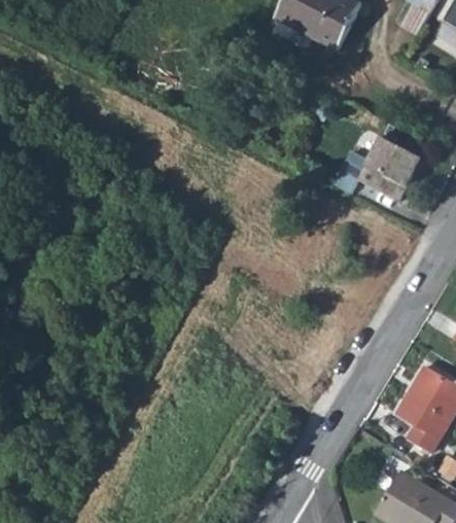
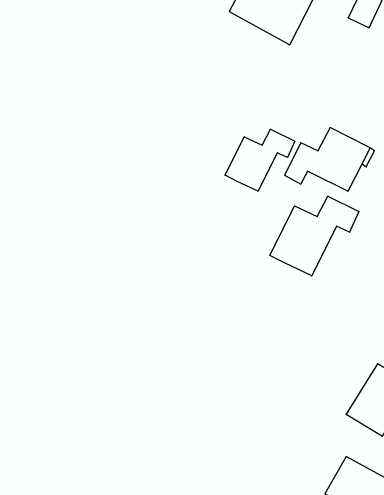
building: none -> [225,129,295,191]
building: none -> [270,196,359,276]

